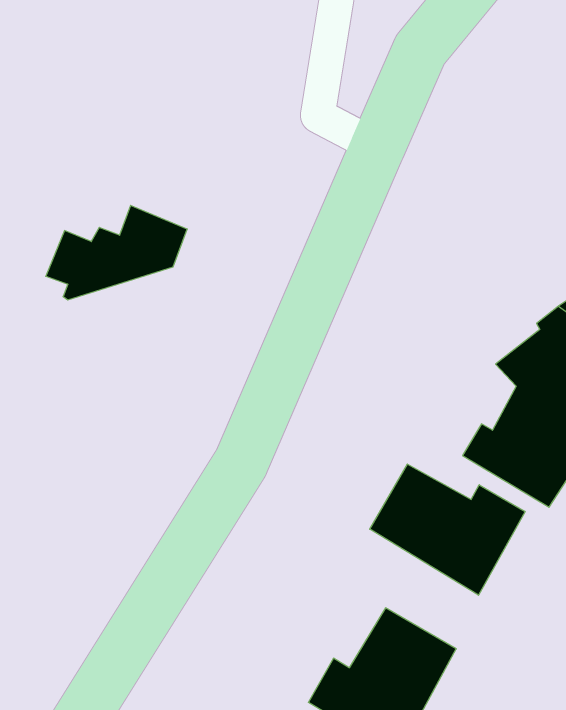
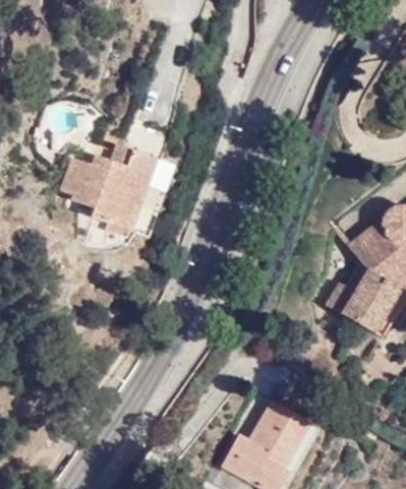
building: none -> [71,183,139,232]
building: [370,464,525,595] -> none

